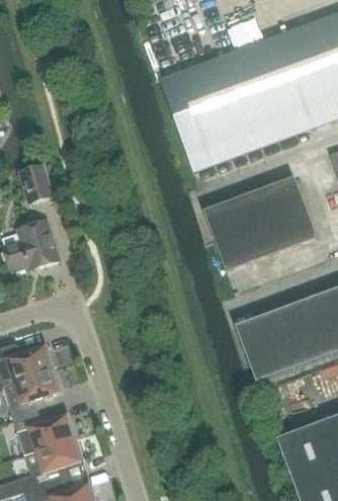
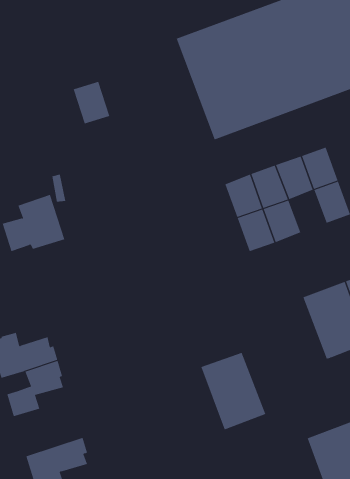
building: [19,164,53,202] -> [73,81,110,124]
building: [260,215,293,253] -> none
building: [235,311,293,381] -> [201,352,266,430]
building: [13,411,76,453] -> none

